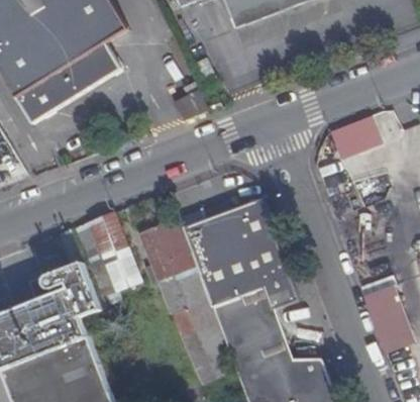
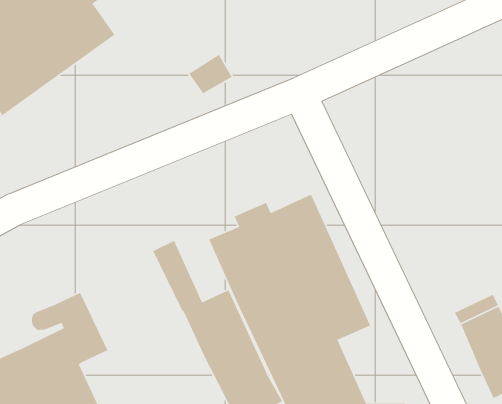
building: [327,116,379,159] -> none
building: [72,207,137,301] -> none
building: [154,217,193,273] -> none

